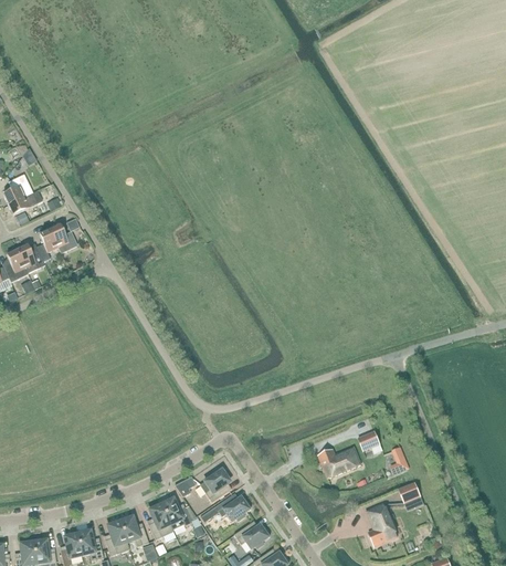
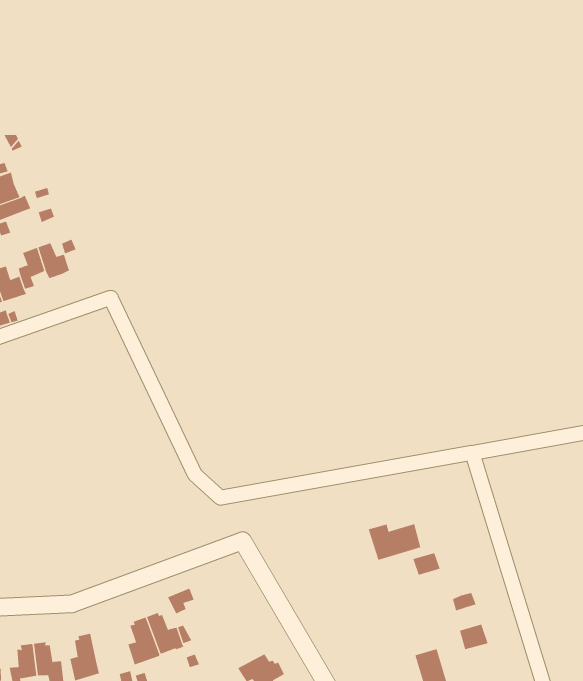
building: [318,447,360,478] -> [368,524,421,561]
building: [199,468,231,502] -> none
building: [200,493,251,523] -> none
building: [119,515,148,546] -> none

